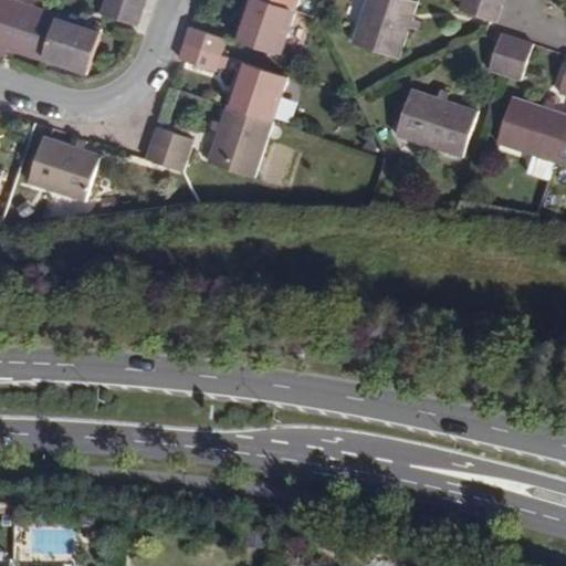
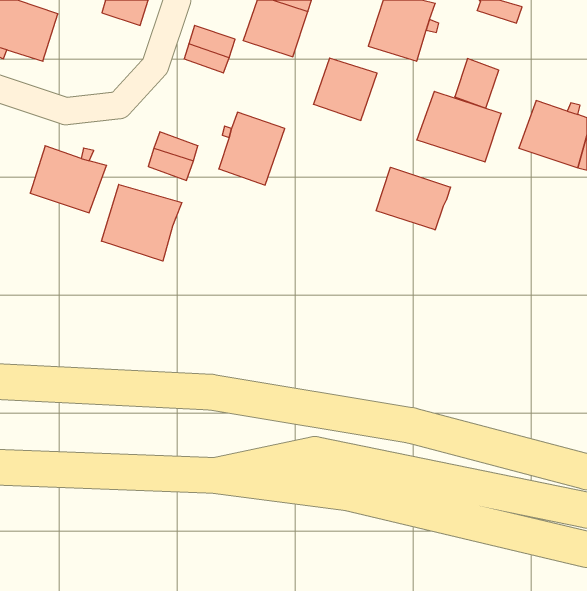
building: [41,13,97,74] -> none
building: [489,32,531,80] -> [455,59,499,108]
building: [227,63,287,123] -> [313,58,377,120]
building: none -> [376,167,451,230]
building: none -> [101,184,182,261]

